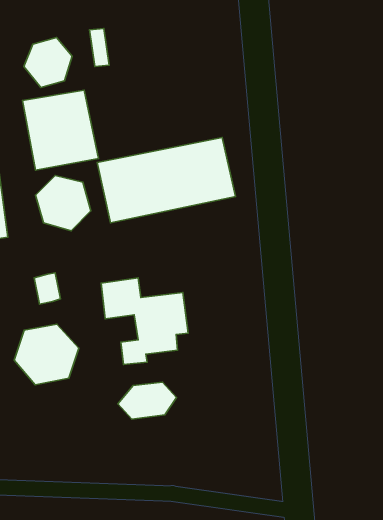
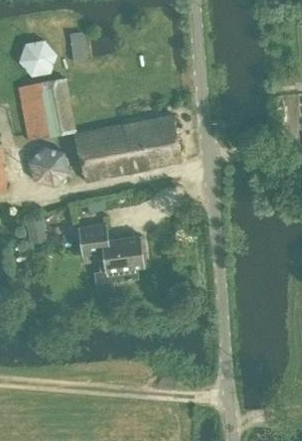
building: [14,324,79,385] -> none
building: [118,382,177,419] -> none

